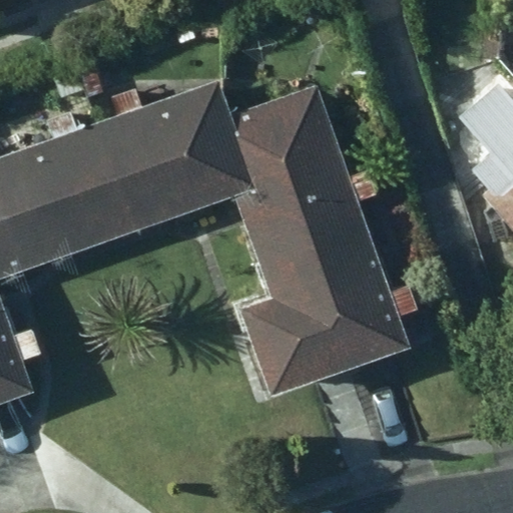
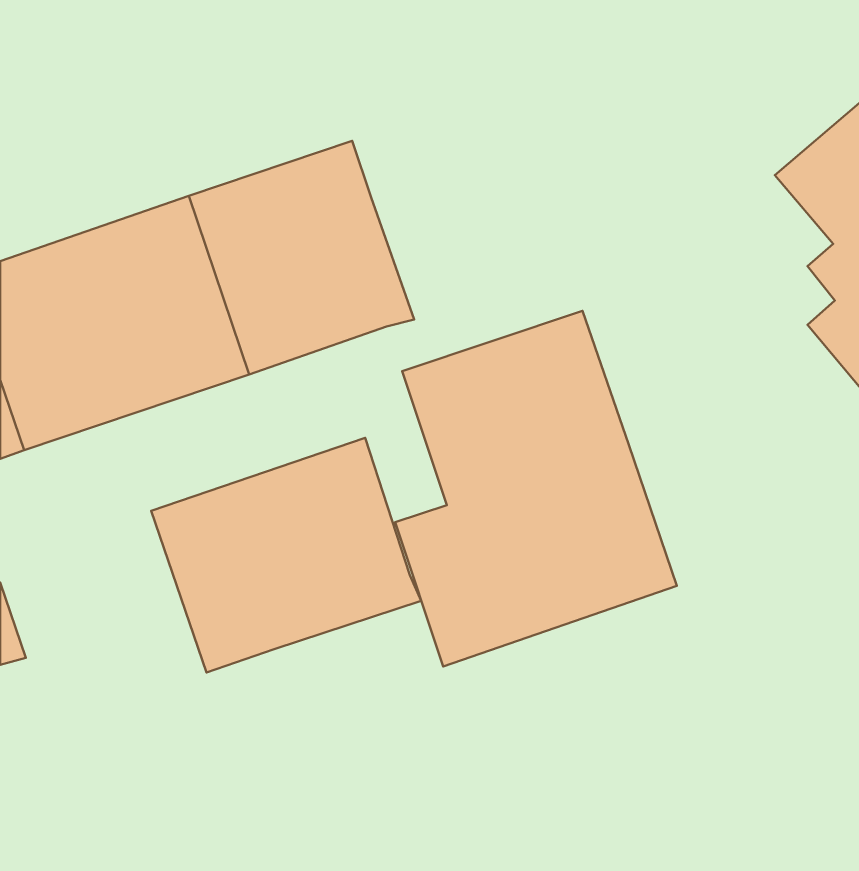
building: [227,88,351,220] -> none
building: none -> [151,438,421,672]

